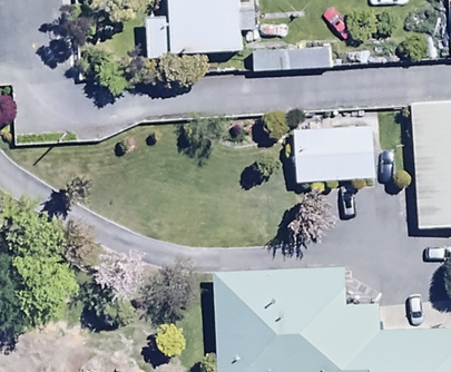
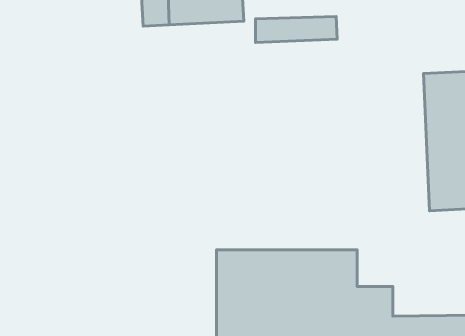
building: [294,126,375,182] -> none

